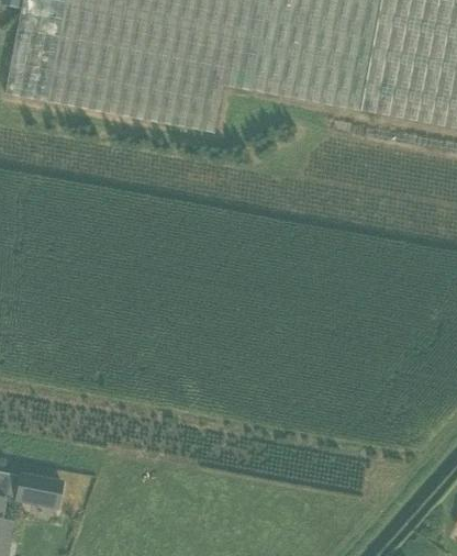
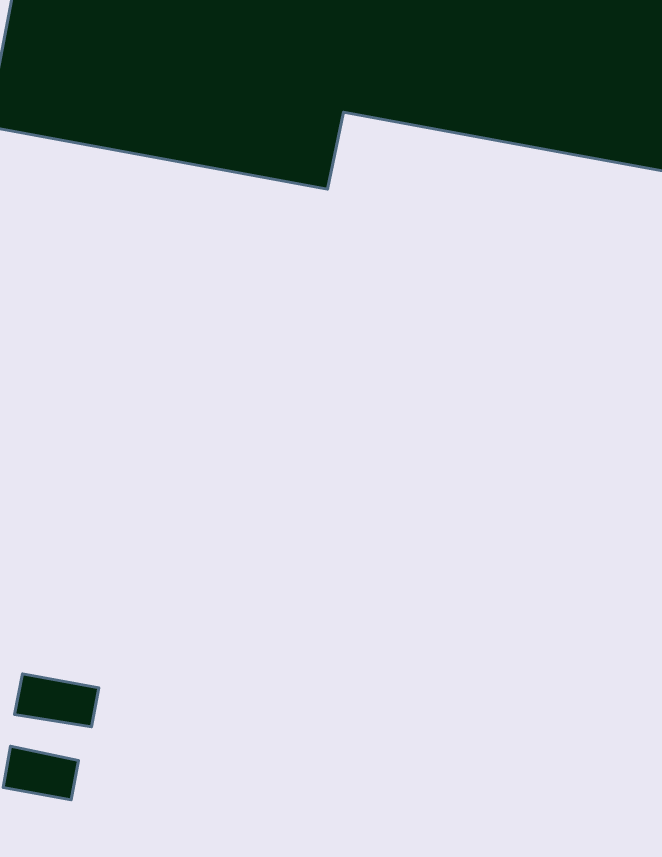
building: none -> [14,674,99,727]

